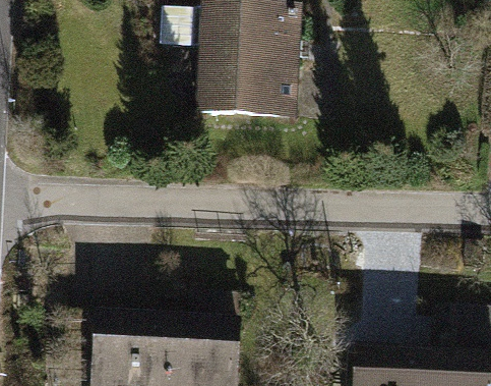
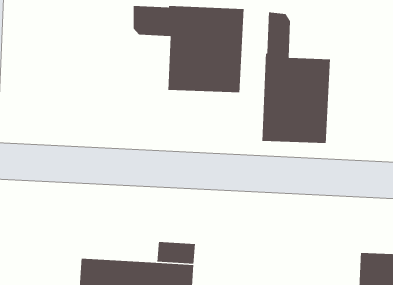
building: none -> [261,12,331,144]

